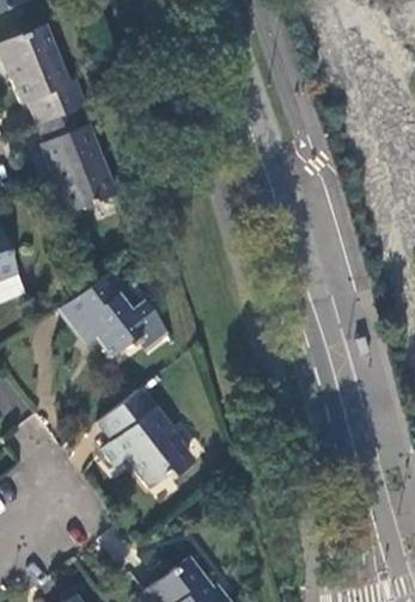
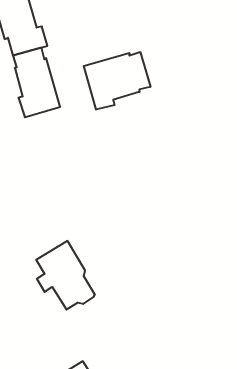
building: none -> [84,52,150,110]
building: [63,270,160,361] -> none

